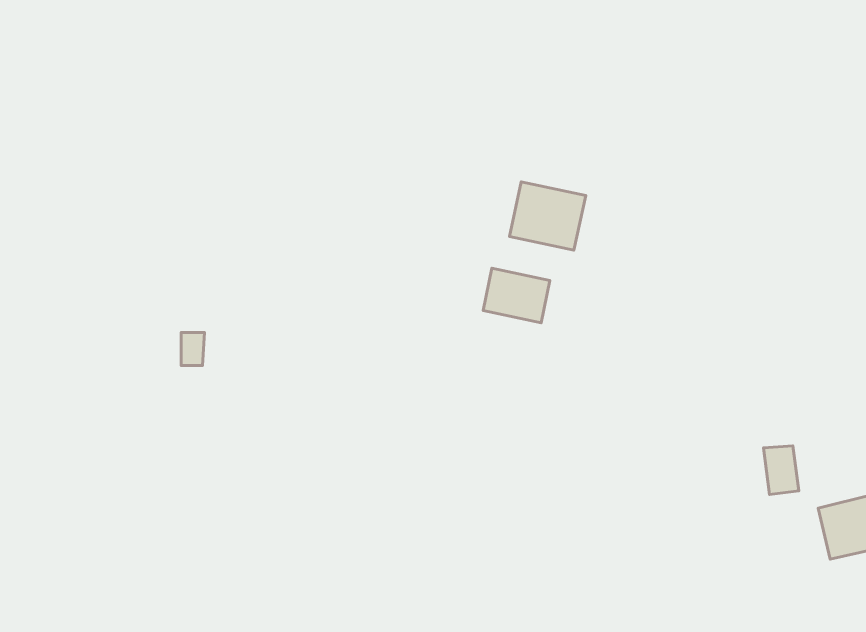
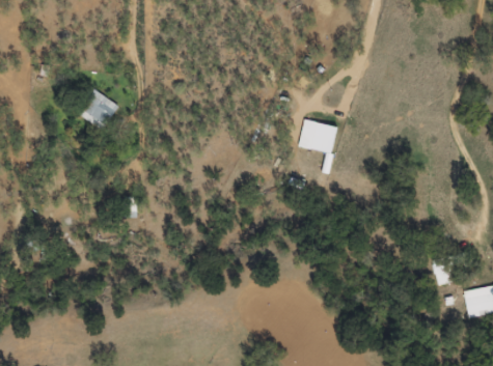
building: none -> [76,87,120,131]
building: [483,268,550,323] -> none

